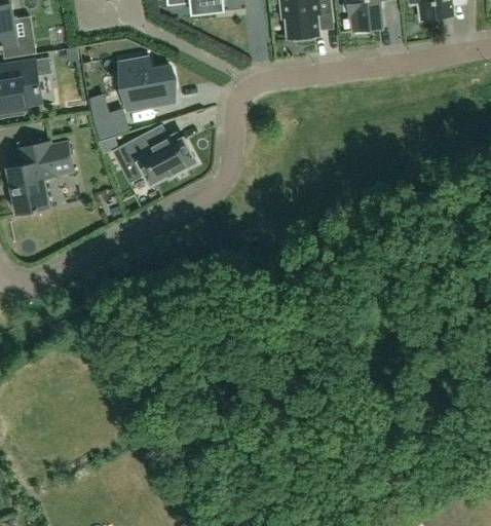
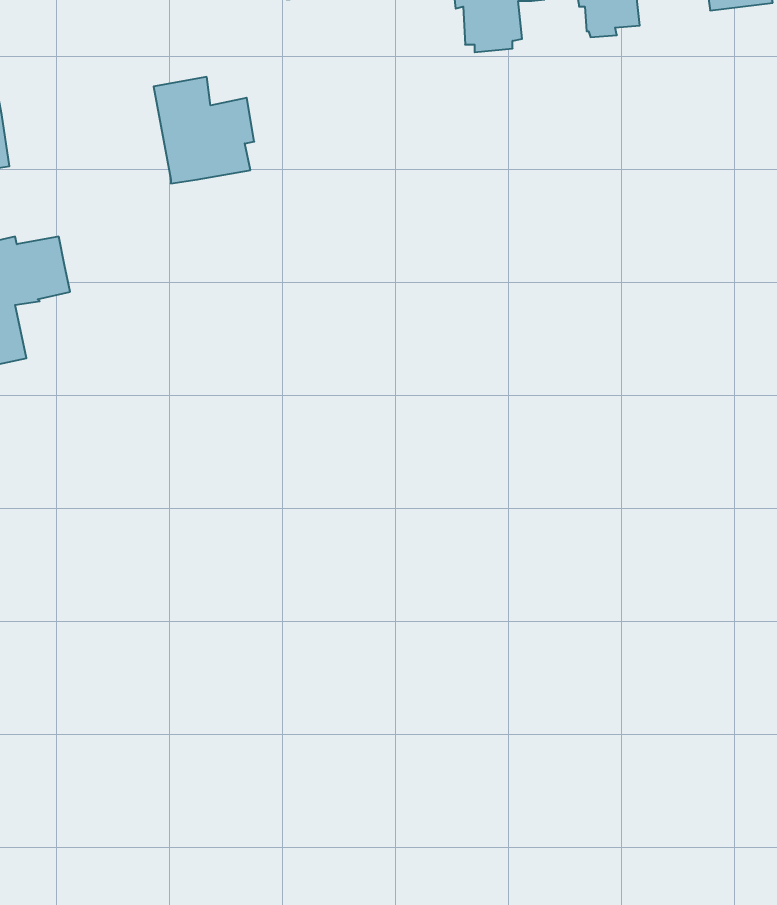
building: [93,110,128,139] -> none
building: [113,125,195,184] -> none

